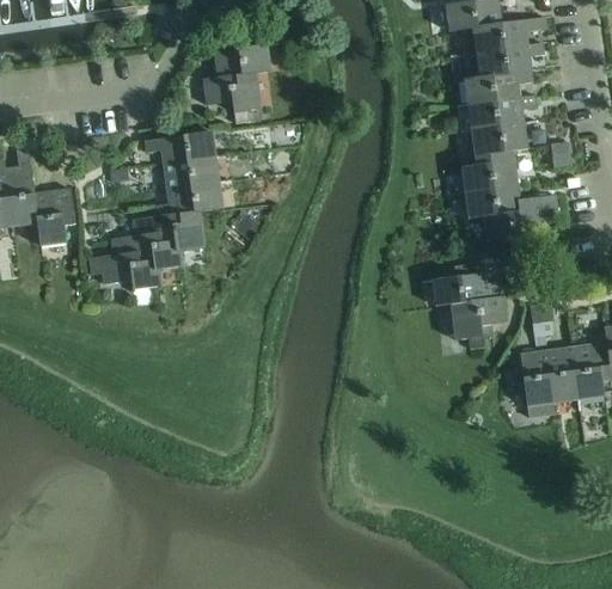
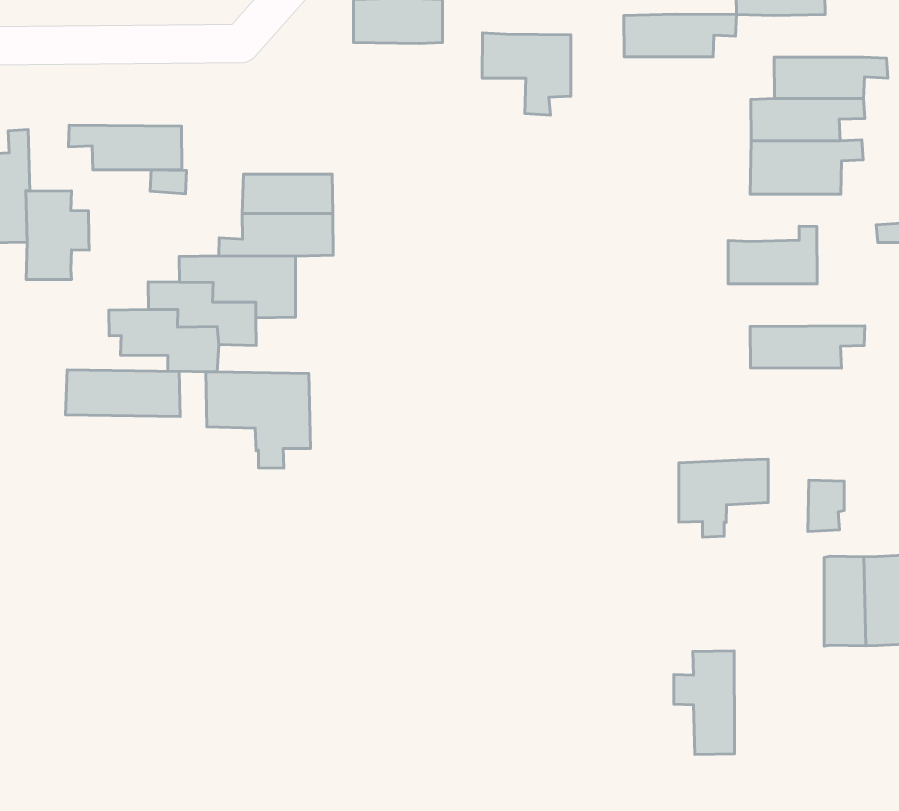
building: [470,17,539,51] -> [624,14,736,57]
building: [203,72,262,123] -> [482,33,571,115]
building: [470,129,527,165] -> none
building: [143,131,215,165] -> [68,125,182,170]
building: [464,185,550,219] -> none
building: [430,264,488,306] -> none
building: none -> [206,372,311,468]
building: none -> [66,370,180,416]
building: [509,350,552,416] -> [674,651,734,754]

